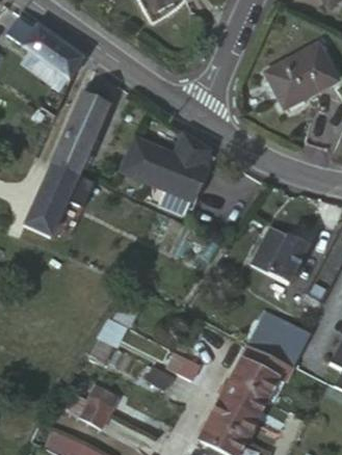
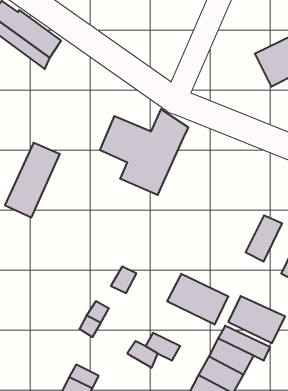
building: [52,92,111,173] -> none
building: [248,226,287,273] -> none
building: none -> [167,274,228,325]

